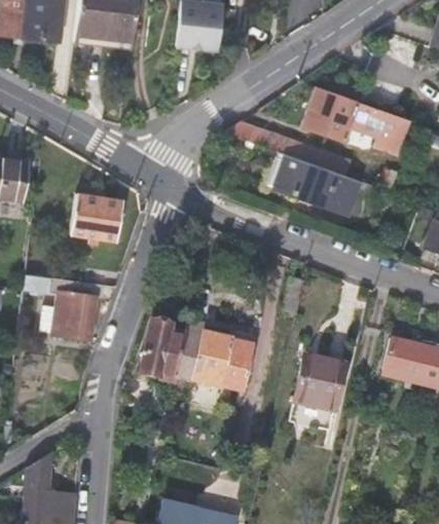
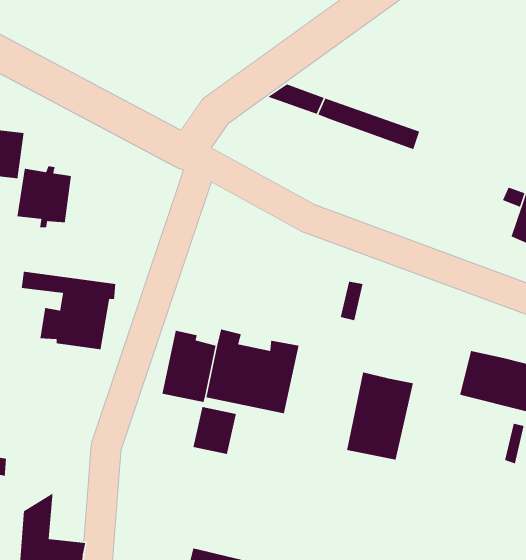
building: [303,87,410,153] -> none
building: [266,151,359,214] -> none
building: [74,191,119,242] -> [17,165,72,228]
building: none -> [193,406,237,455]

